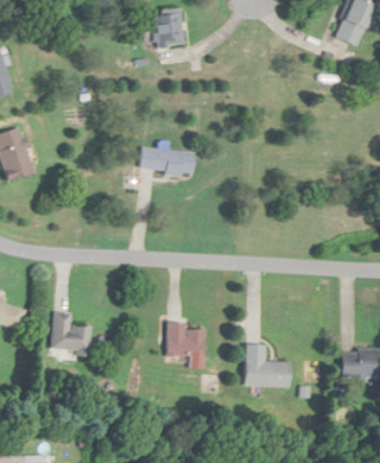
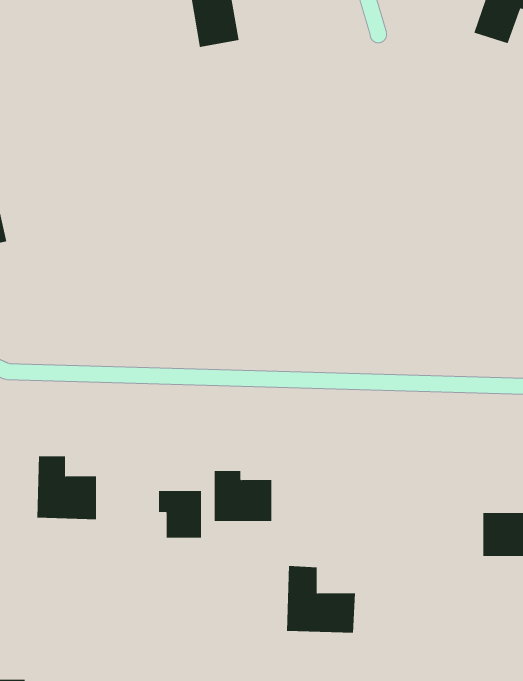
building: [140,148,191,173] -> none
building: none -> [158,490,201,539]
building: [245,343,290,387] -> [286,565,356,633]

